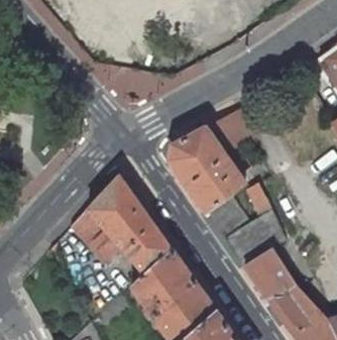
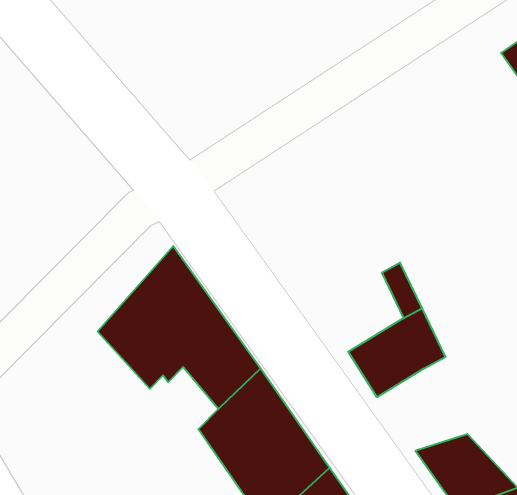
building: [167,109,252,211] -> none
building: [207,198,246,236] -> none
building: [242,247,297,297] -> none

